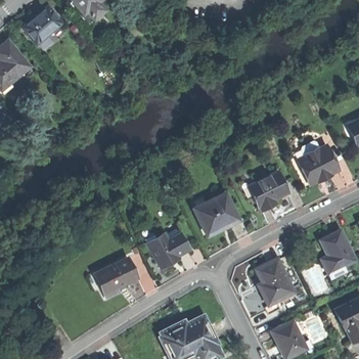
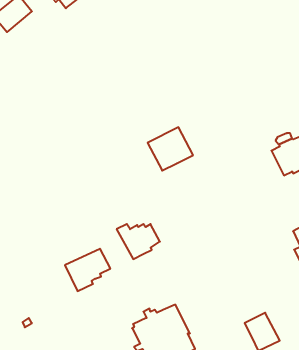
building: [251,173,289,211] -> none
building: [195,193,240,236] -> [148,127,193,171]
building: [256,259,295,306] -> none

